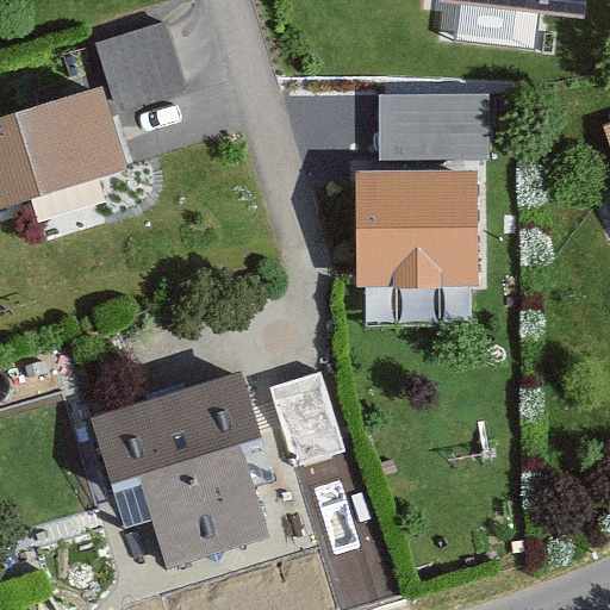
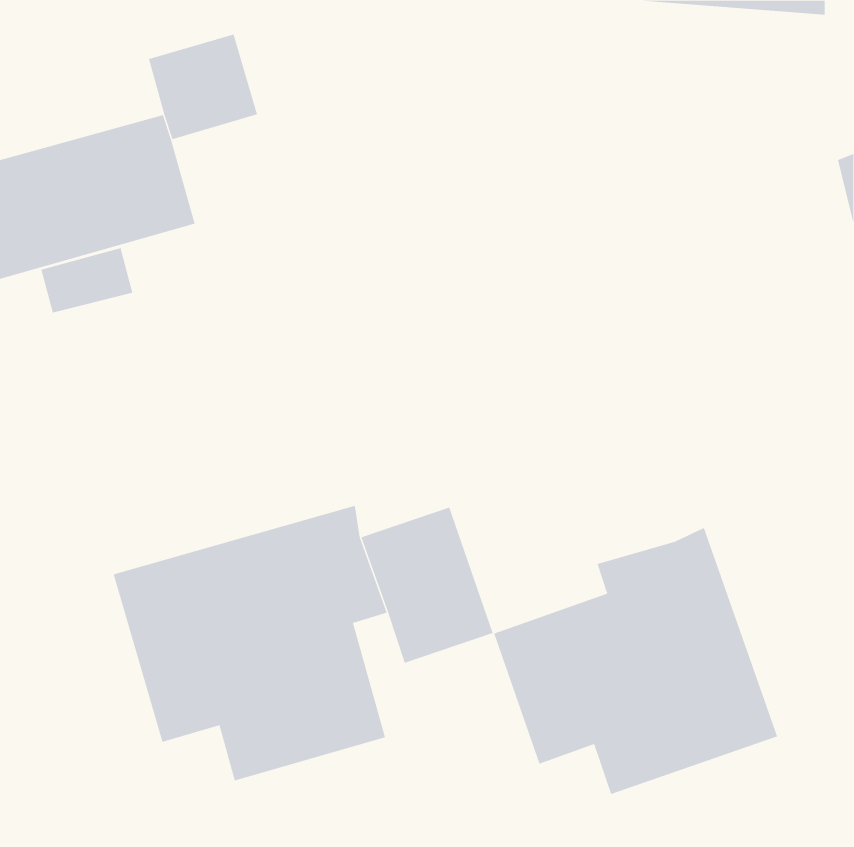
building: [349,110,479,290] -> none
building: none -> [494,527,778,795]

